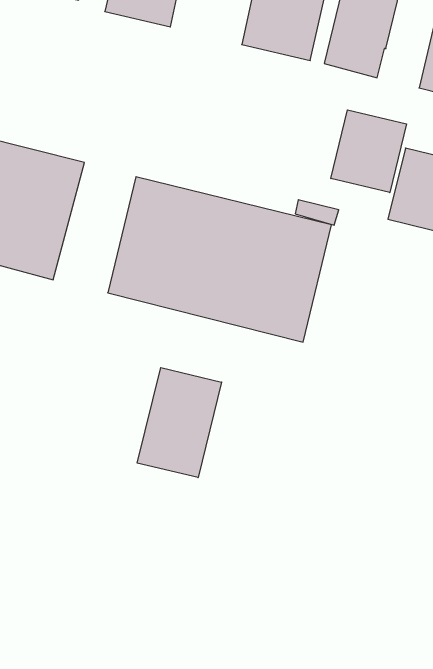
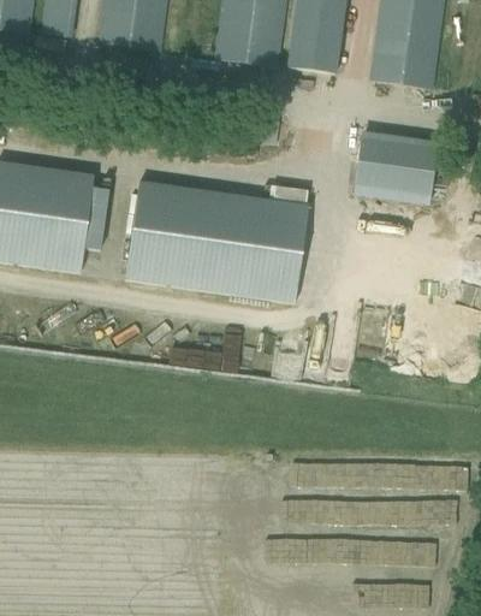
building: [331,110,406,193] -> none
building: [137,368,222,478] -> none

